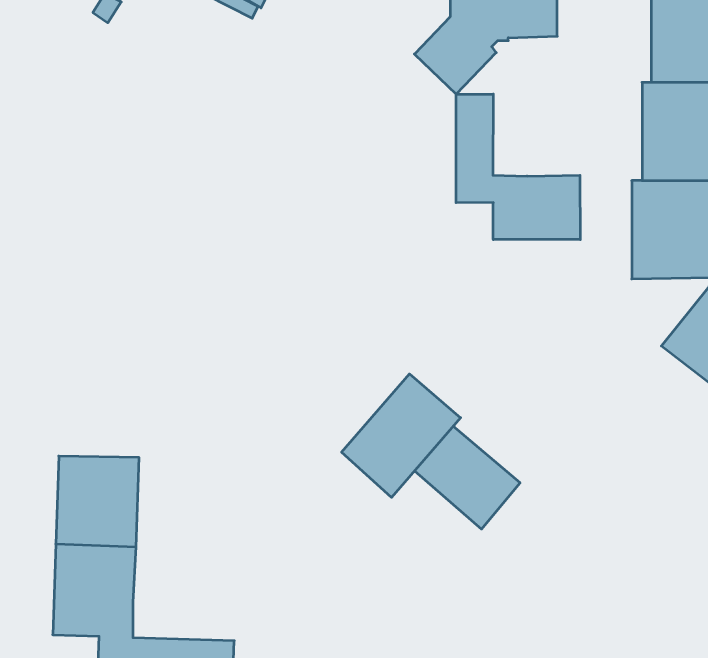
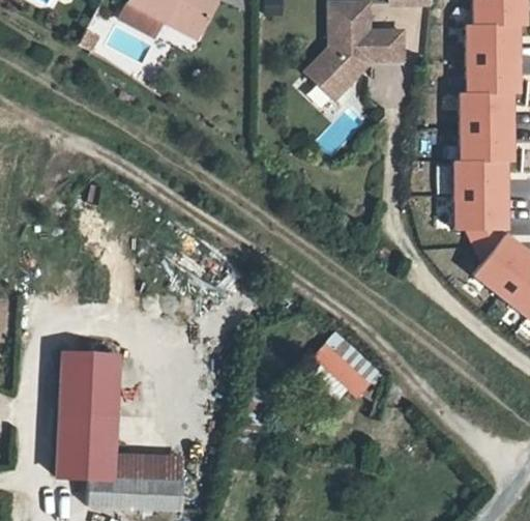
building: [456,94,580,240] -> none
building: [342,374,461,497] -> none
building: none -> [109,454,179,481]

